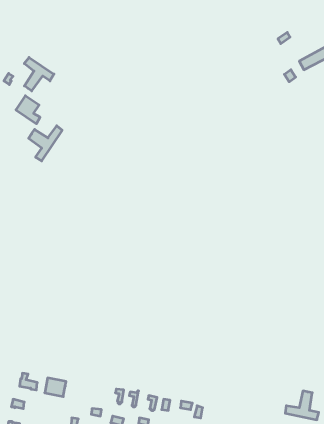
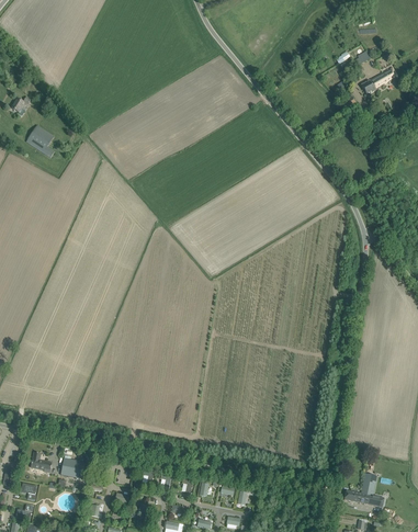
building: [24,57,54,91] -> none
building: [29,126,62,161] -> none

